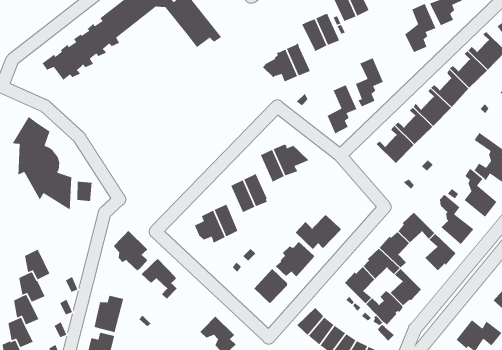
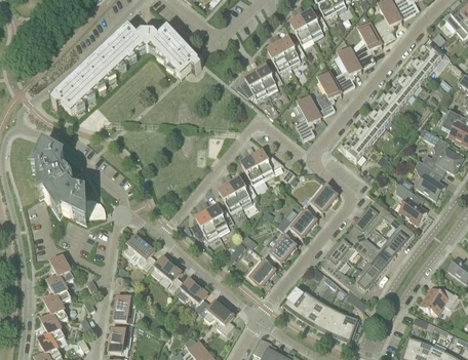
building: none -> [335,47,362,90]
building: none -> [303,186,339,213]
building: none -> [367,237,399,264]
building: none -> [177,276,208,312]

